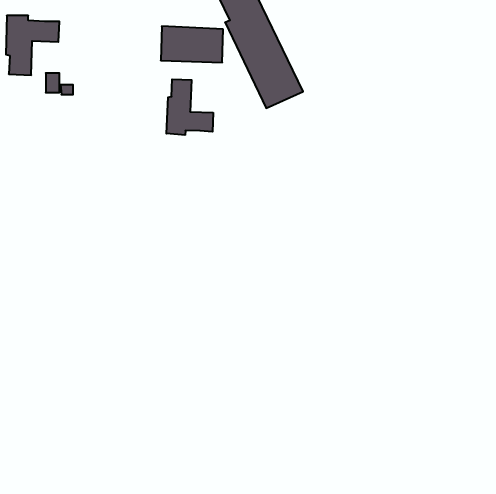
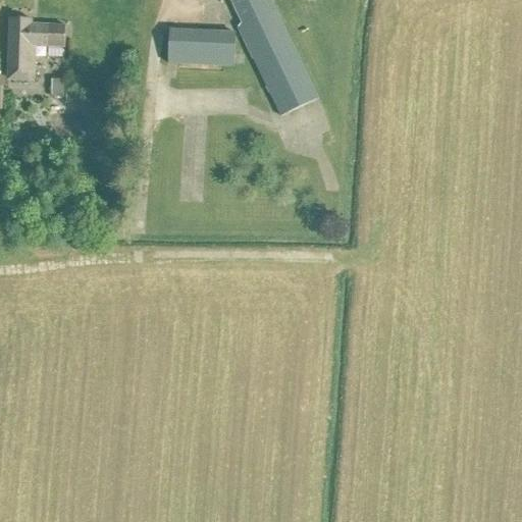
building: [166,79,213,135] -> none

